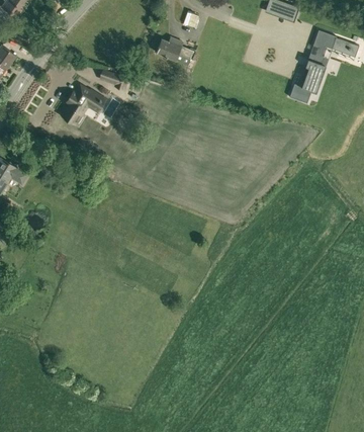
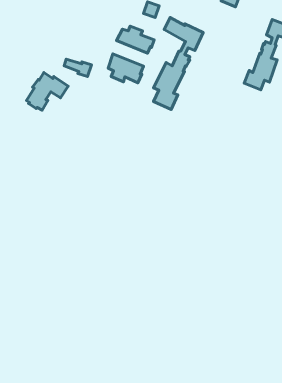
building: none -> [154,17,203,109]
building: none -> [108,54,143,83]

